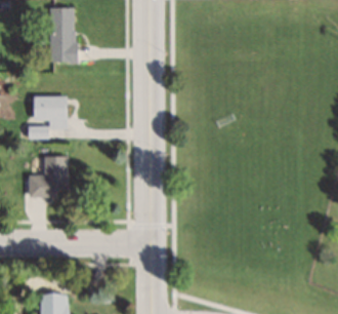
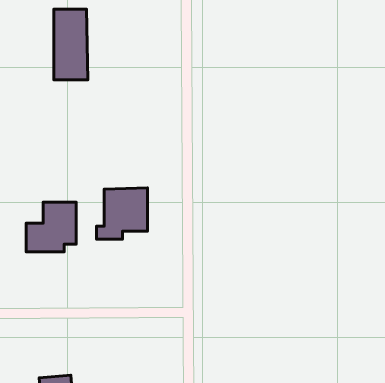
building: [28,96,68,136] -> [96,188,147,239]

